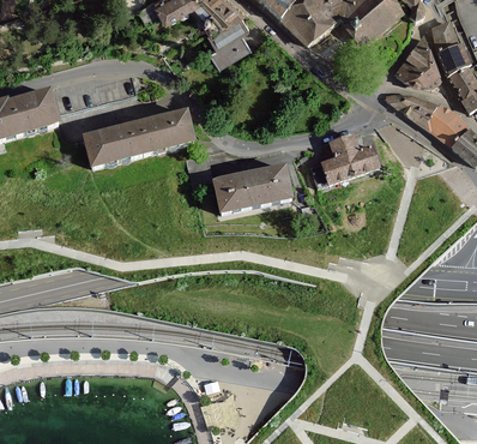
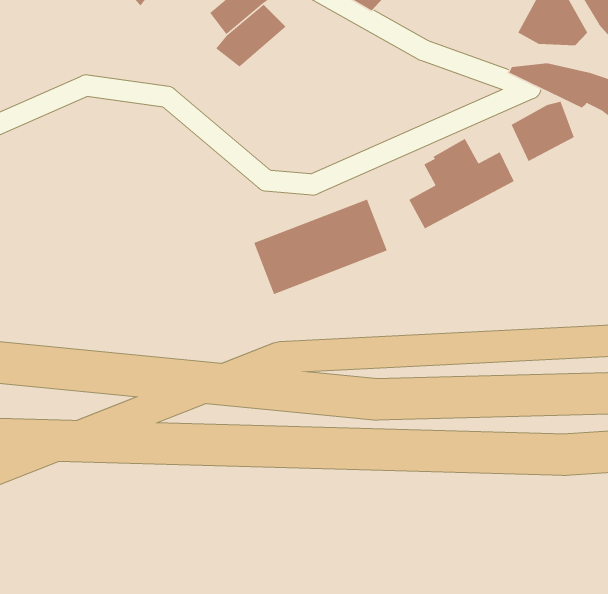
building: [80,107,194,168] -> none
building: none -> [510,101,575,162]

